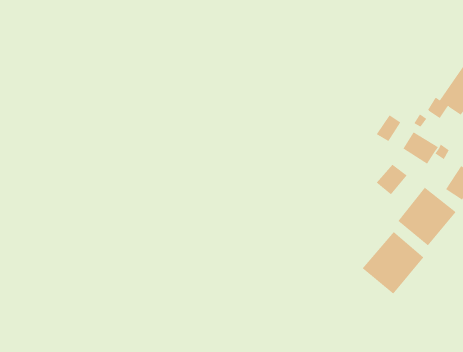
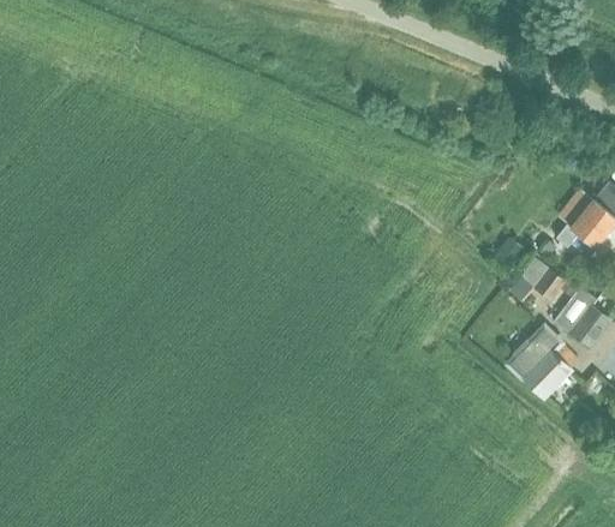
building: [376,164,407,195] -> none
building: [362,231,424,294] -> none

